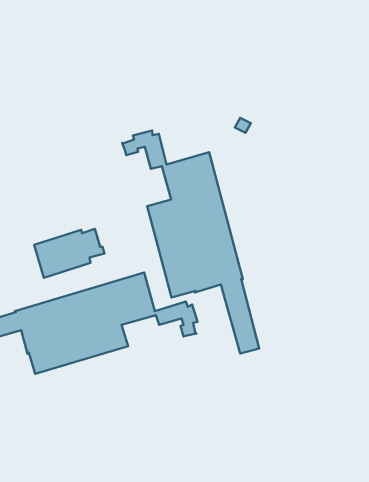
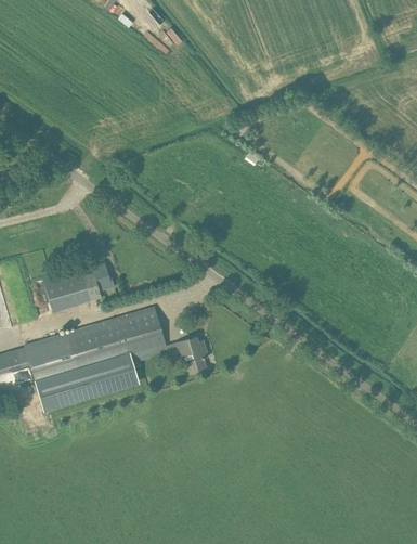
building: [122,130,259,354] -> none

